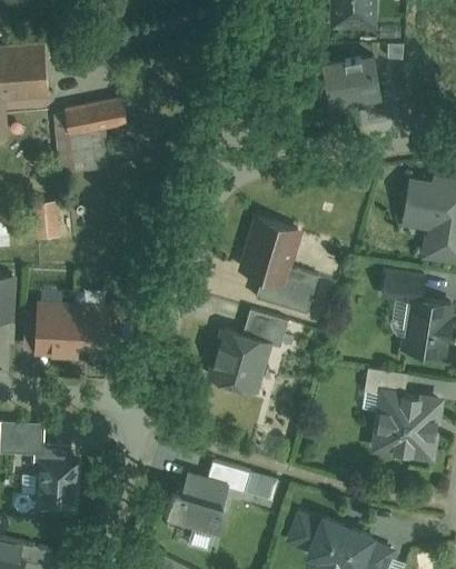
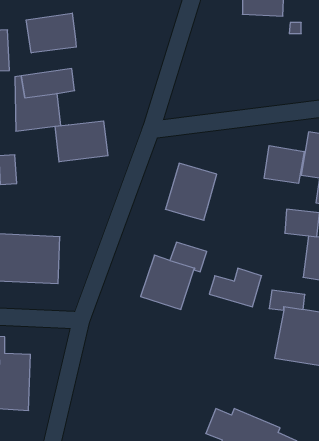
building: none -> [26,13,76,53]
building: [315,52,383,109] -> none
building: none -> [55,121,108,162]
building: none -> [264,146,304,183]
building: [254,269,317,316] -> [209,268,262,307]
building: [168,462,277,539] -> none

